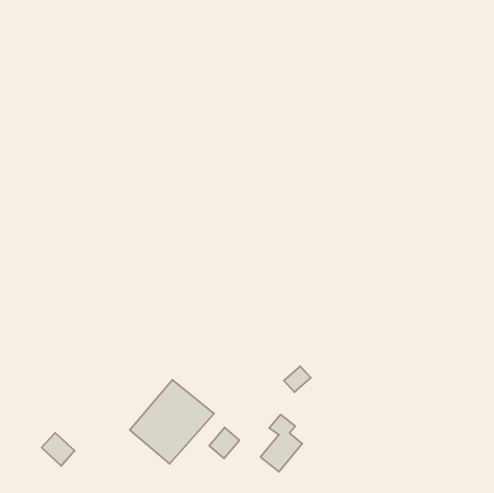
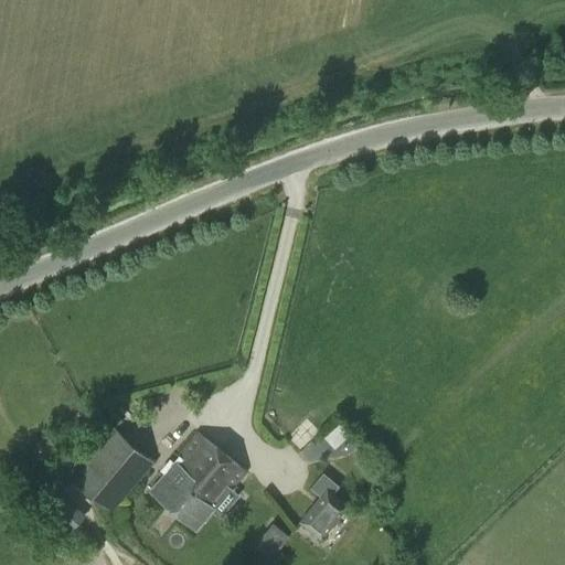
building: none -> [70,430,153,514]
building: [209,427,239,458] -> [257,523,291,558]

